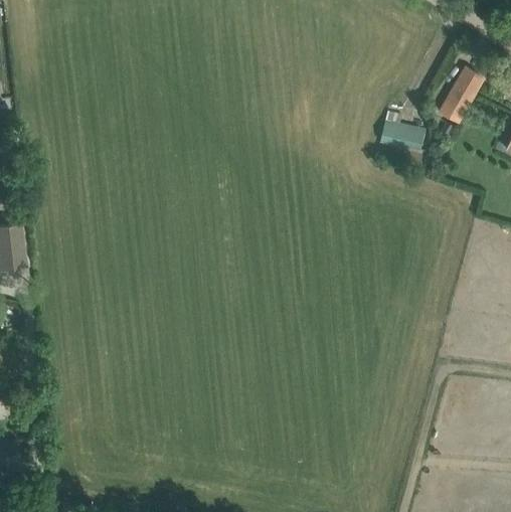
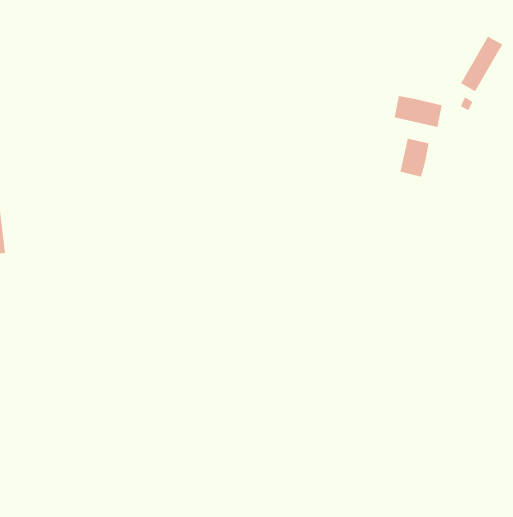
building: none -> [400,138,429,177]

